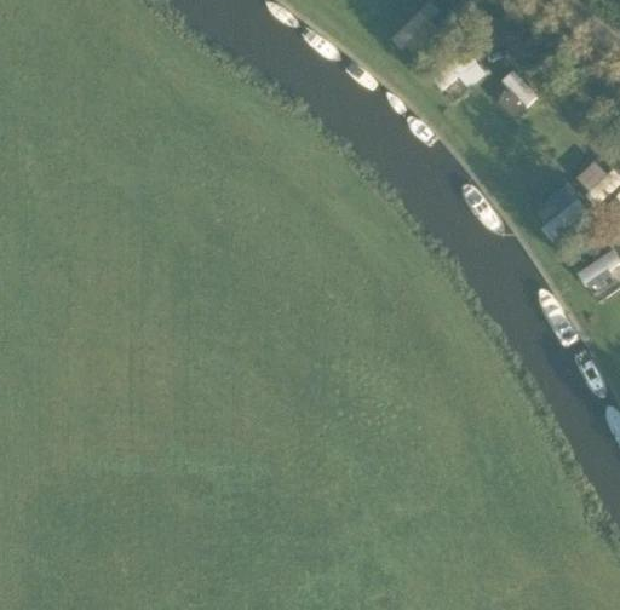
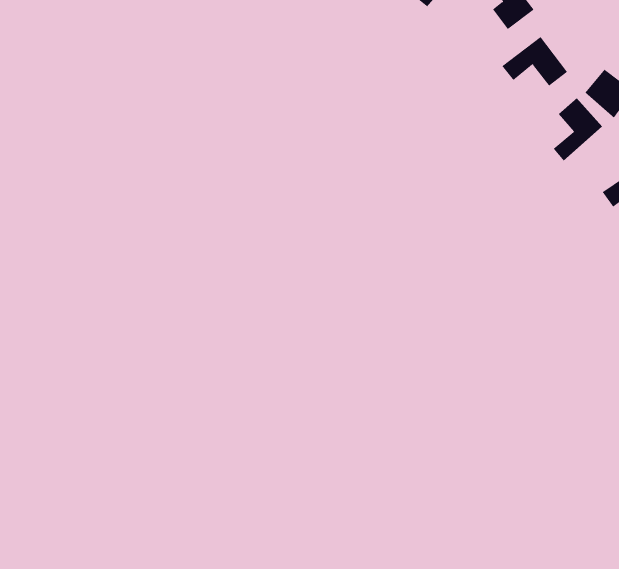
building: none -> [502,36,568,86]

